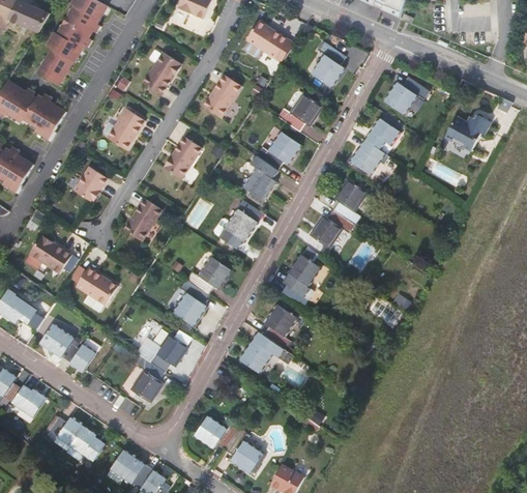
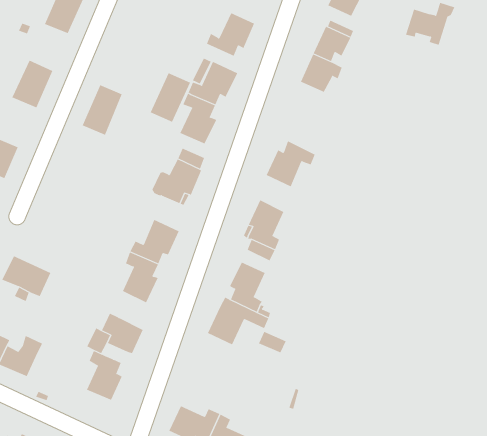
building: [203,75,241,117] -> [150,73,191,123]
building: [332,179,367,224] -> none
building: [123,198,162,241] -> none

